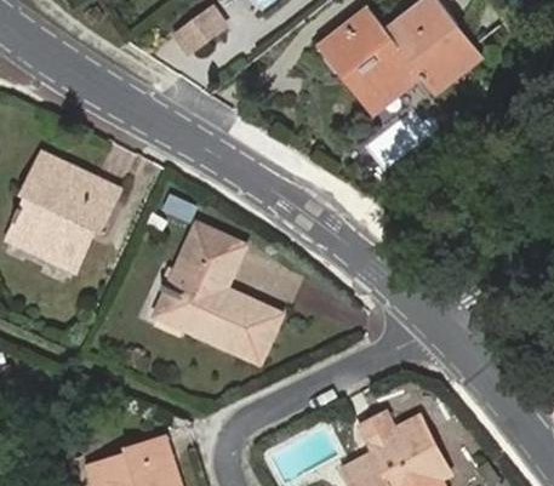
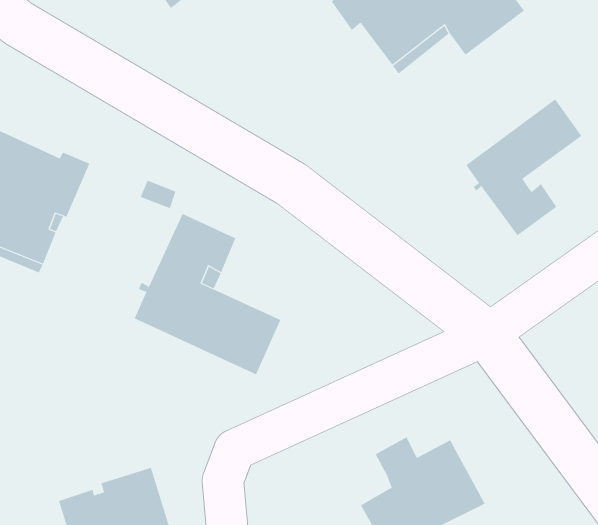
building: none -> [465,99,582,236]

